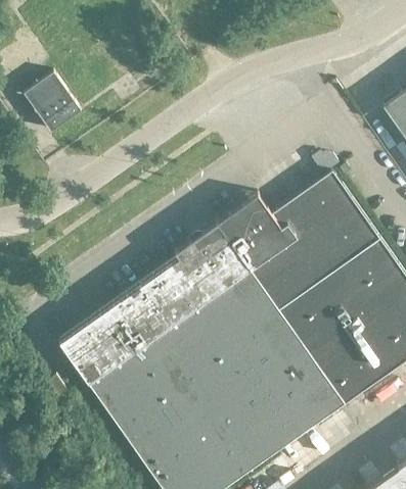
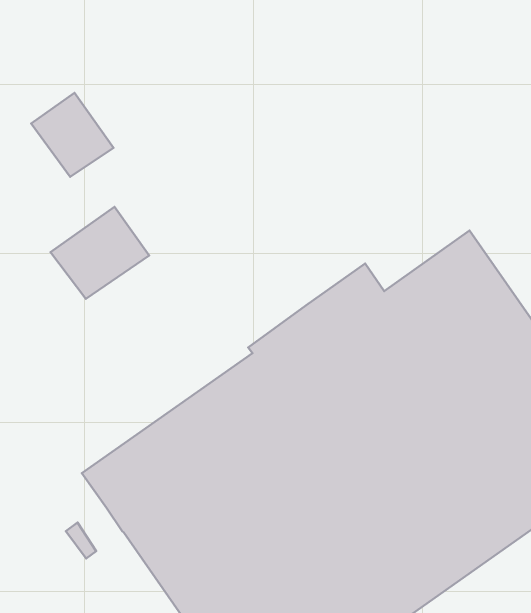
building: none -> [51,207,149,299]

